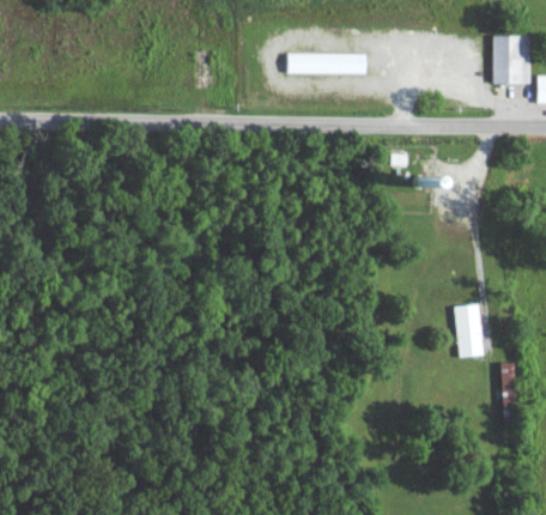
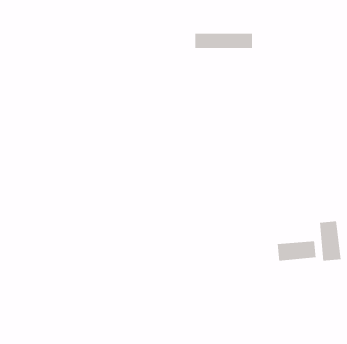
building: none -> [277,241,316,262]

